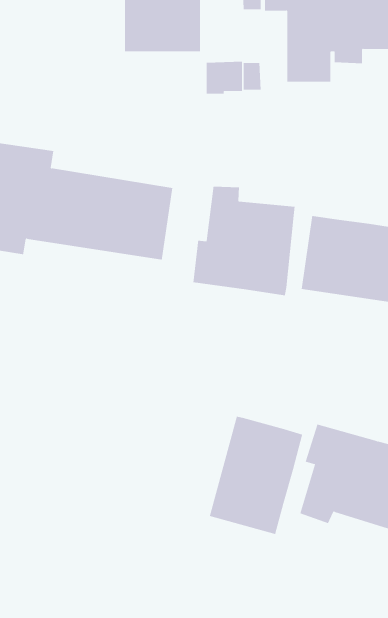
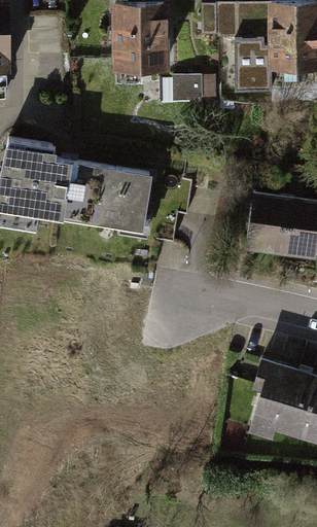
building: [193,186,295,296] -> none
building: [209,416,303,535] -> none

